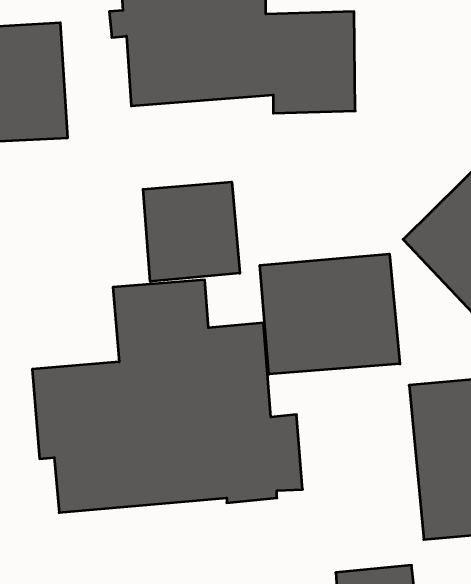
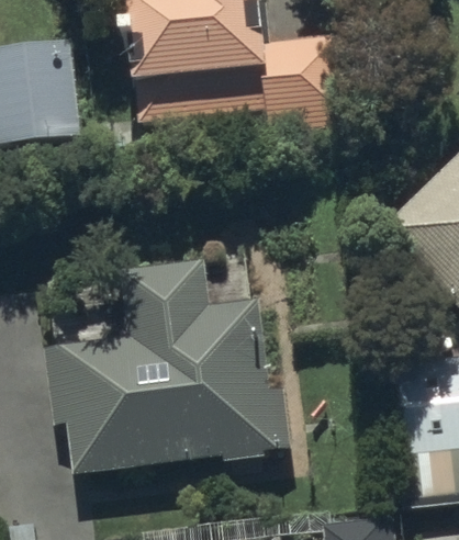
building: [143,182,240,282] -> none
building: [260,254,400,374] -> none

